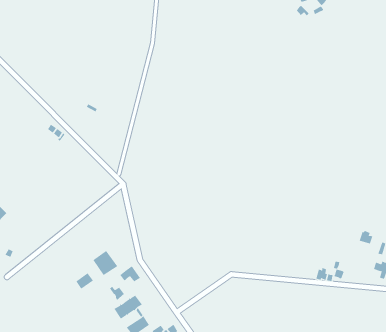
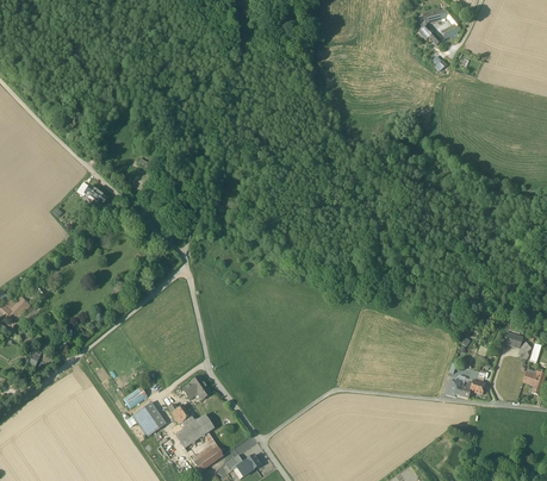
building: [92,250,118,276] -> [131,404,166,438]

